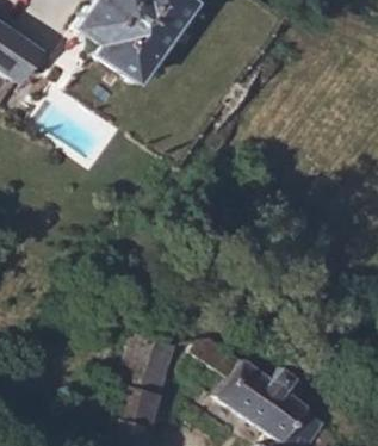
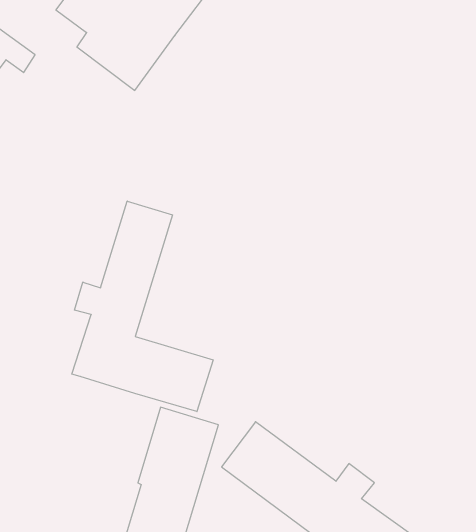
building: none -> [72,201,213,412]

